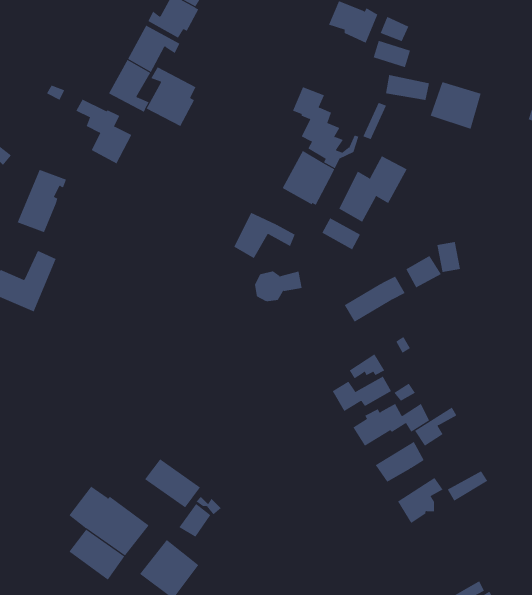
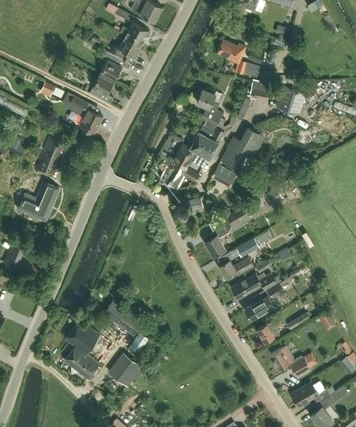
building: [146,67,196,127] -> none
building: none -> [171,145,207,170]
building: none -> [204,226,227,258]
building: none -> [270,346,309,376]

